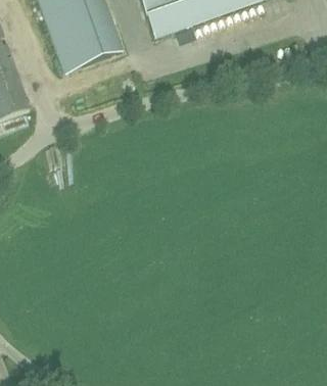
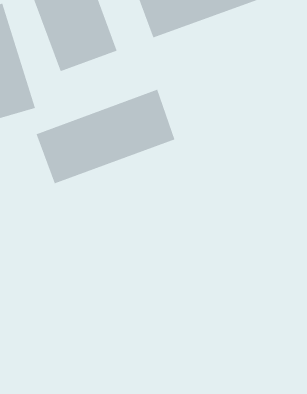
building: none -> [36,89,175,184]

